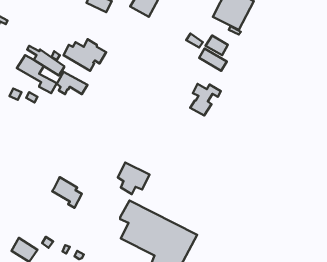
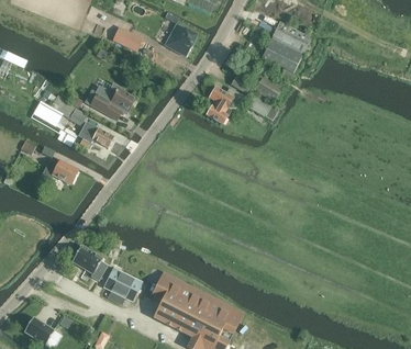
building: [190,84,221,115] -> [205,86,242,123]
building: none -> [42,159,78,183]
building: [118,162,149,194] -> [104,267,142,304]

